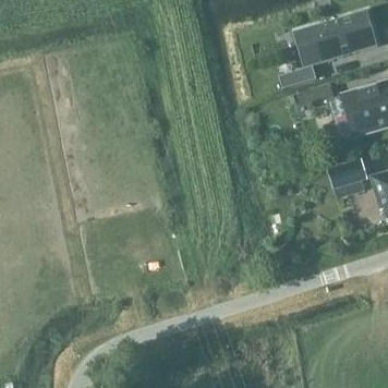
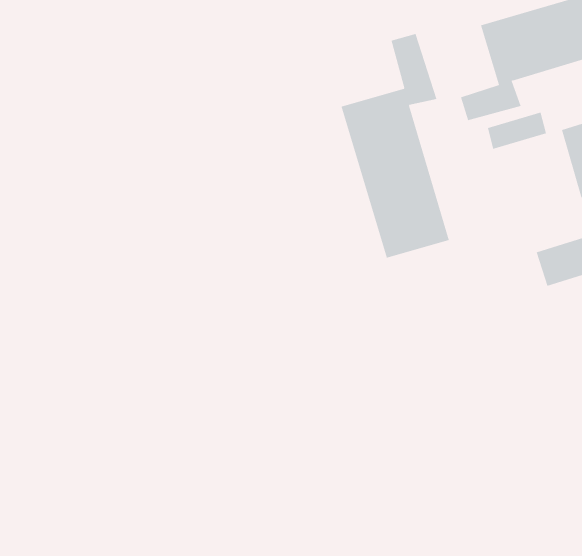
building: none -> [341,33,449,259]

